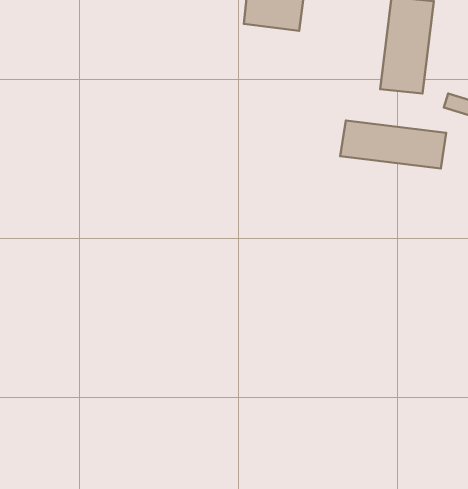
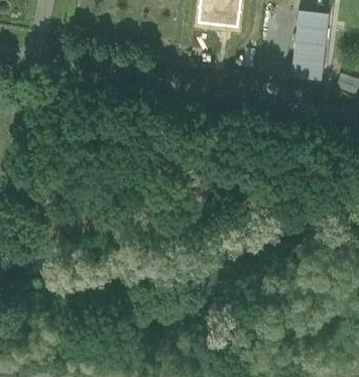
building: [340,121,446,168] -> none

